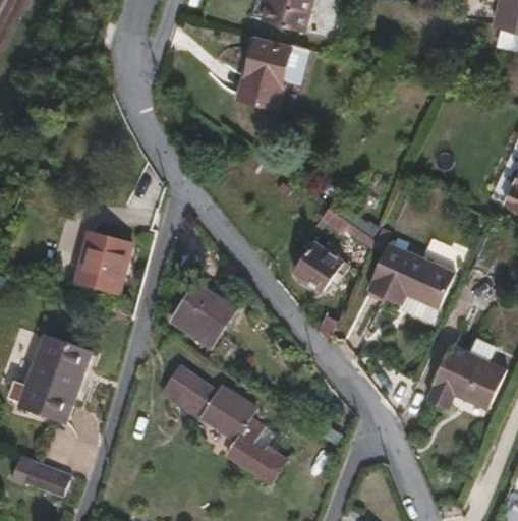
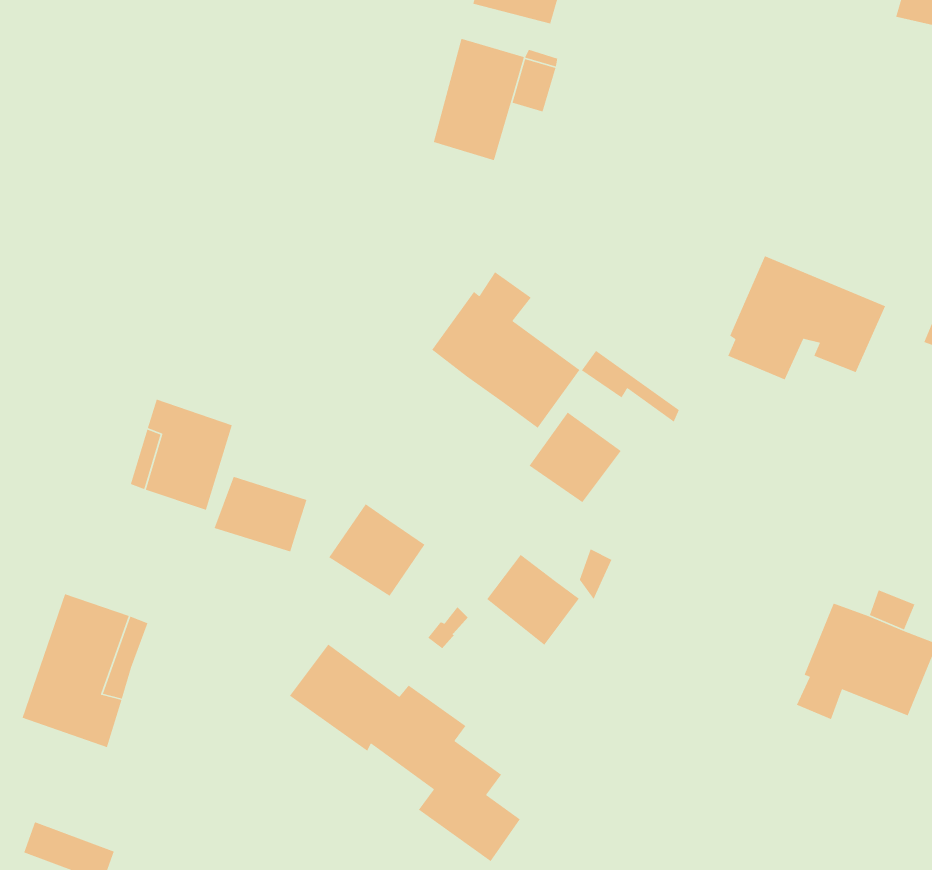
building: none -> [431,271,580,429]
building: [369,242,456,310] -> [727,255,886,381]
building: none -> [213,476,308,553]
building: none -> [486,554,580,646]

